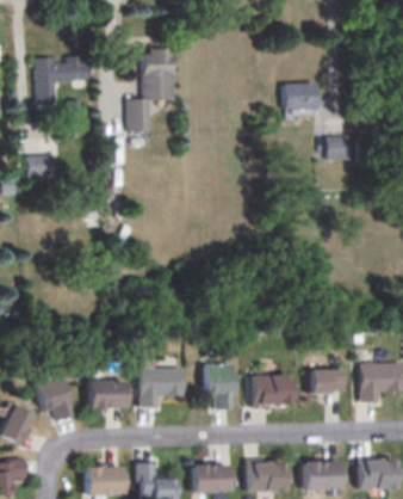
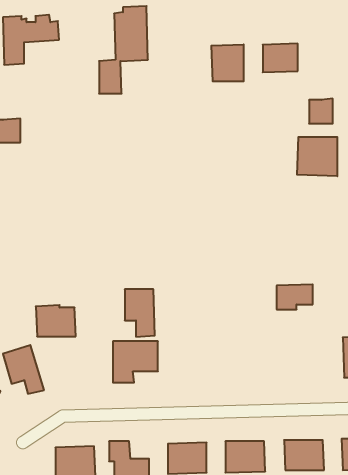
building: none -> [211,44,244,81]
building: none -> [297,137,337,176]
building: [205,364,234,409] -> [125,289,155,337]
building: [311,370,346,394] -> [277,284,313,309]
building: [253,375,291,408] -> none
building: [88,378,126,408] -> [36,305,76,336]

